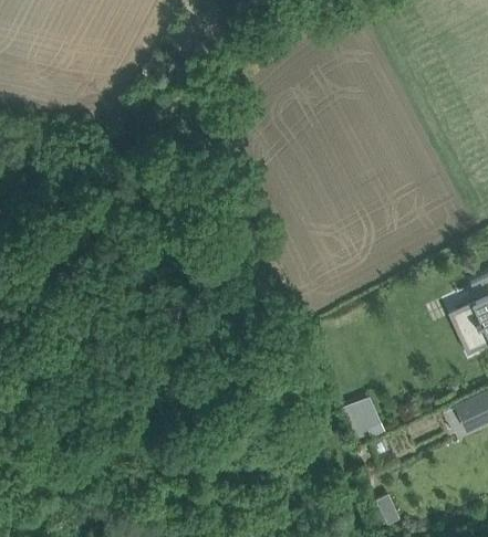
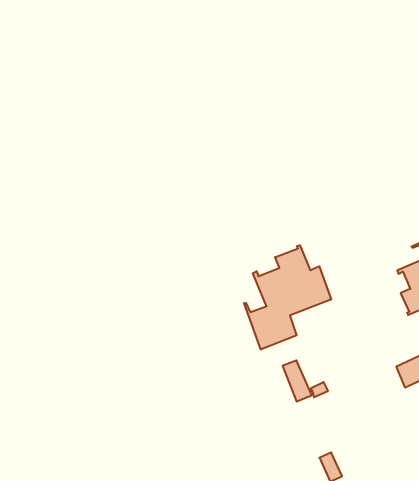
building: none -> [244,245,331,350]

